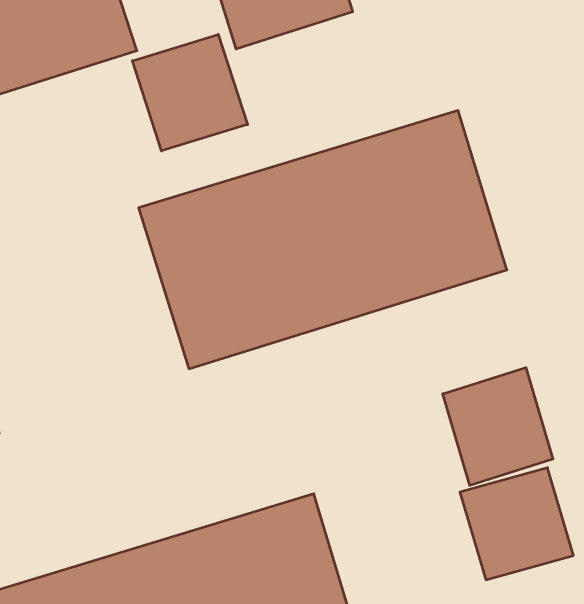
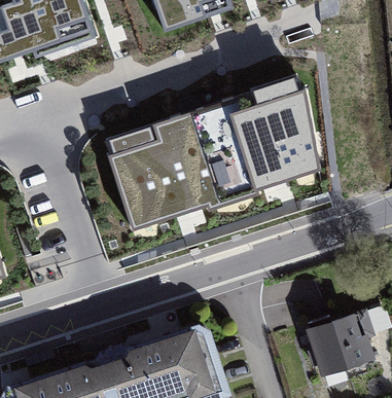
building: [132,34,248,151] -> none
building: [443,368,553,485] -> none

